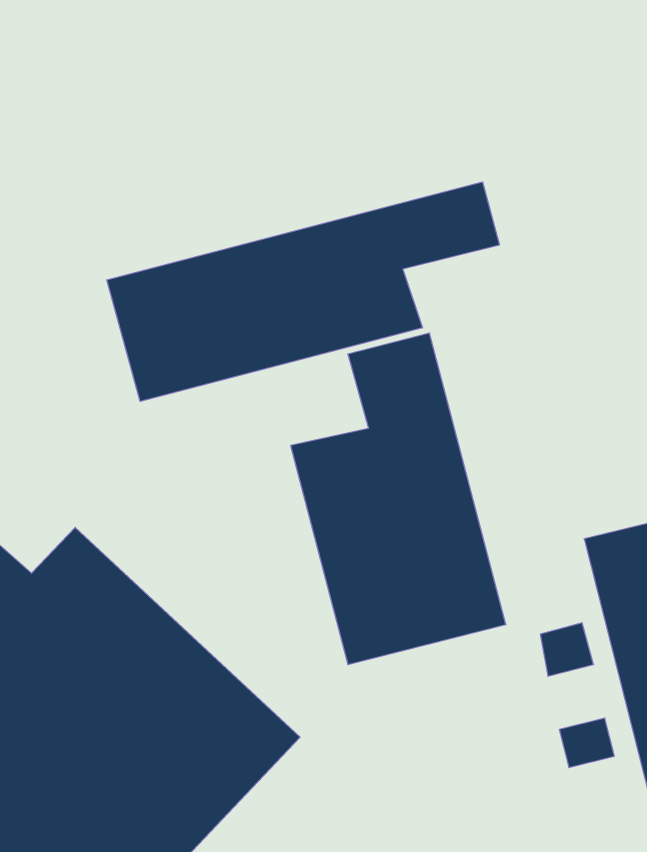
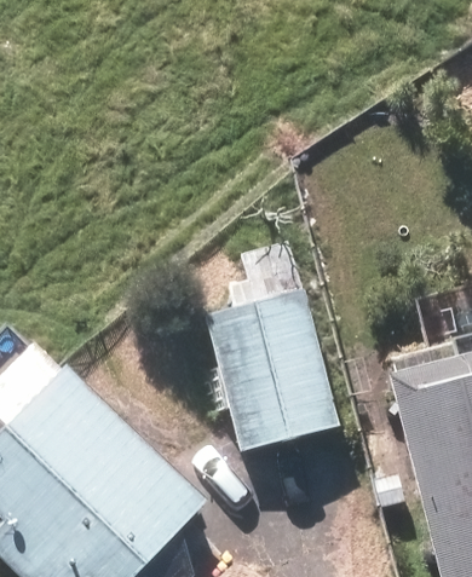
building: [107,182,499,401] -> none

